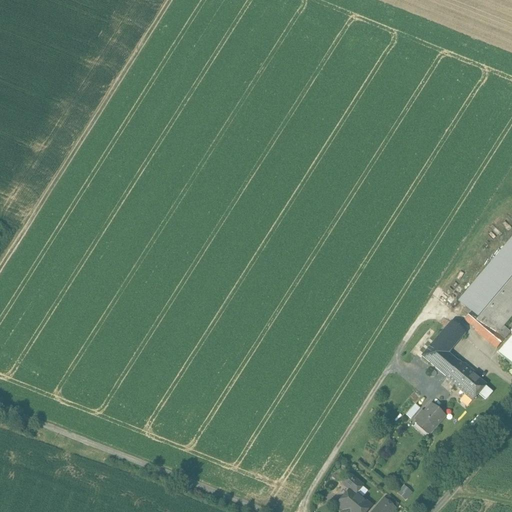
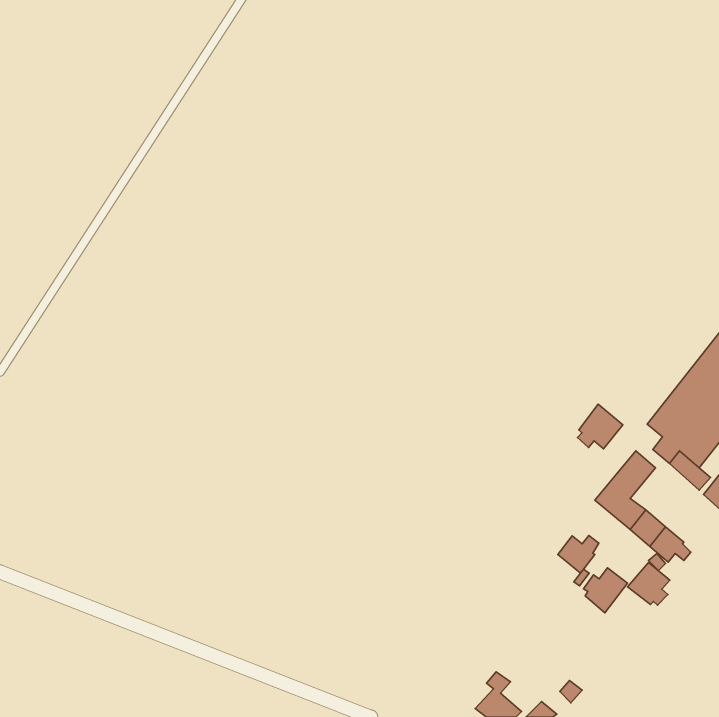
building: none -> [578,404,623,449]
building: none -> [558,535,599,573]
building: none -> [628,562,670,605]

